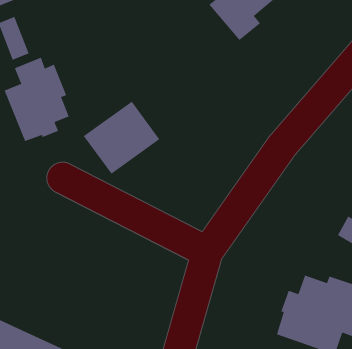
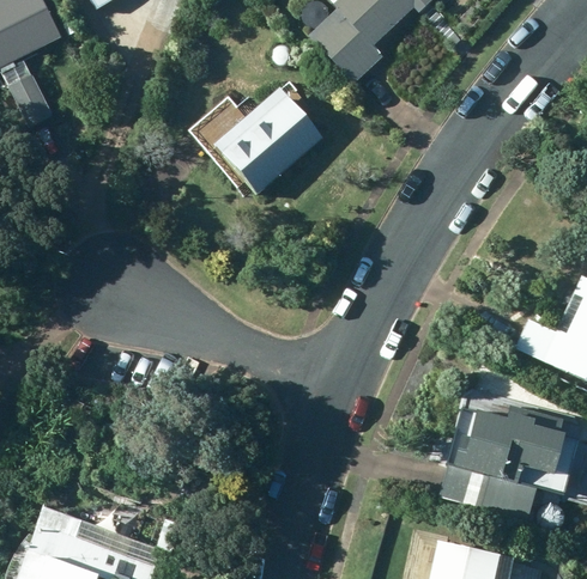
building: [4,57,70,142] -> none
building: [83,101,160,175] -> [213,85,323,193]

